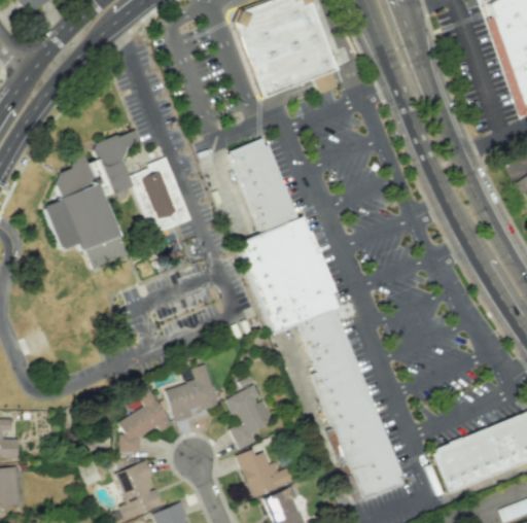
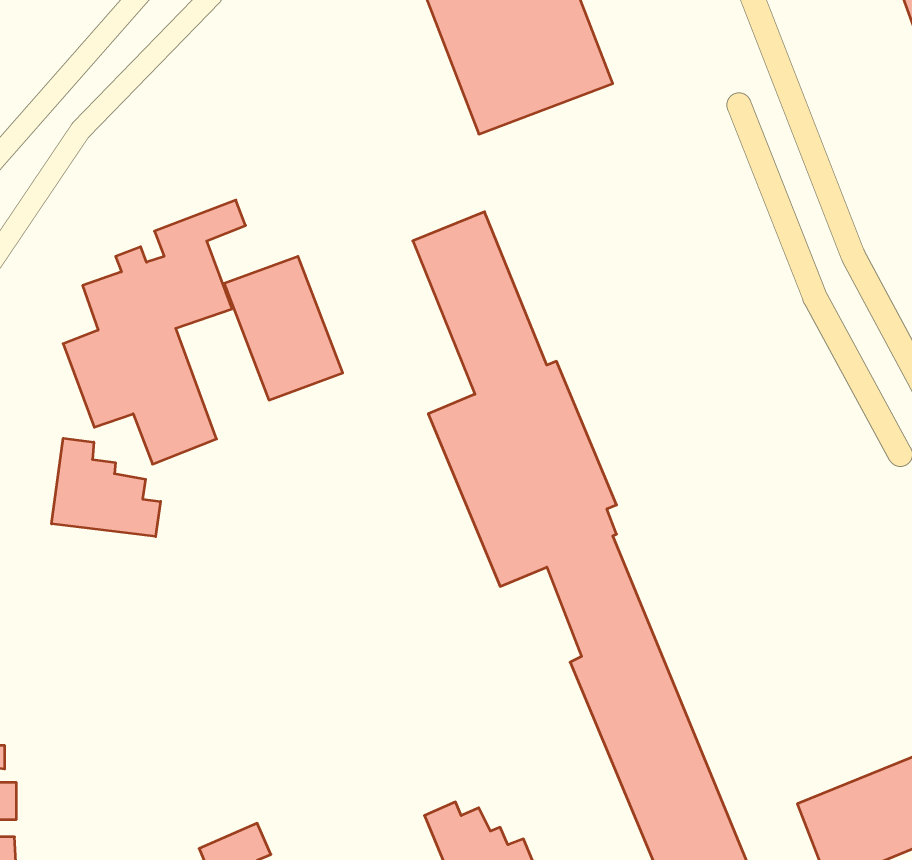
building: none -> [52,438,161,537]
building: [166,364,218,422] -> none
building: [119,379,171,453] -> none
building: [225,386,272,450] -> none

